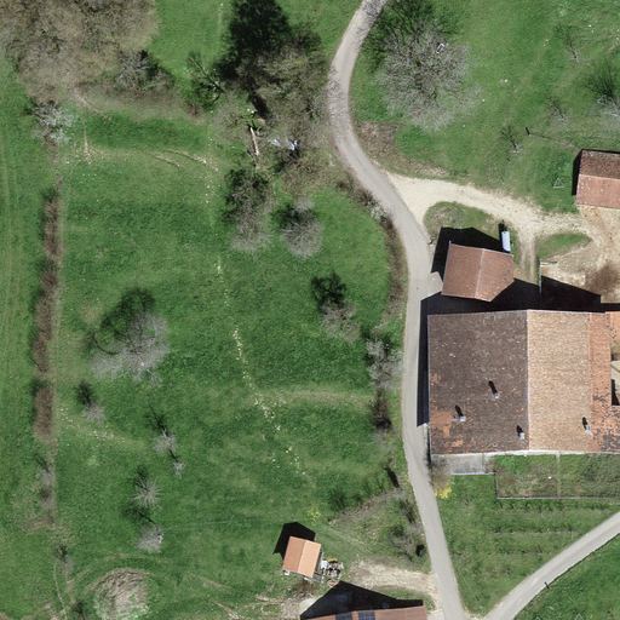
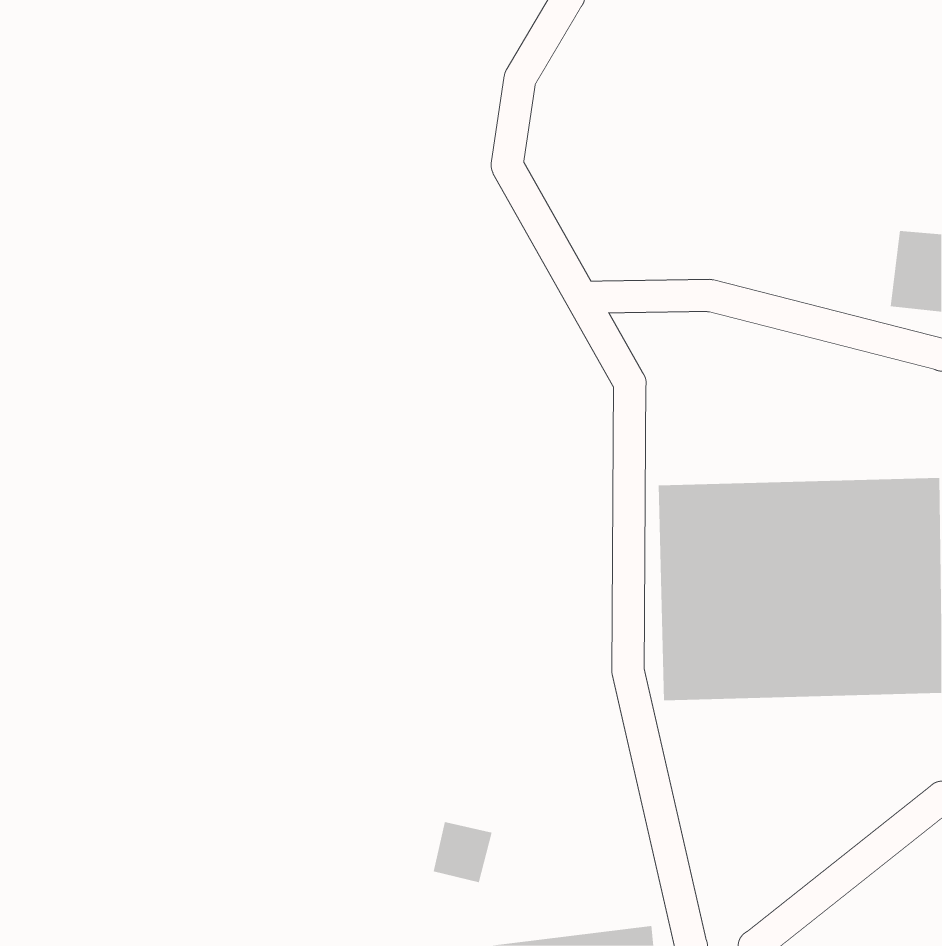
building: [442,243,516,304] -> none

